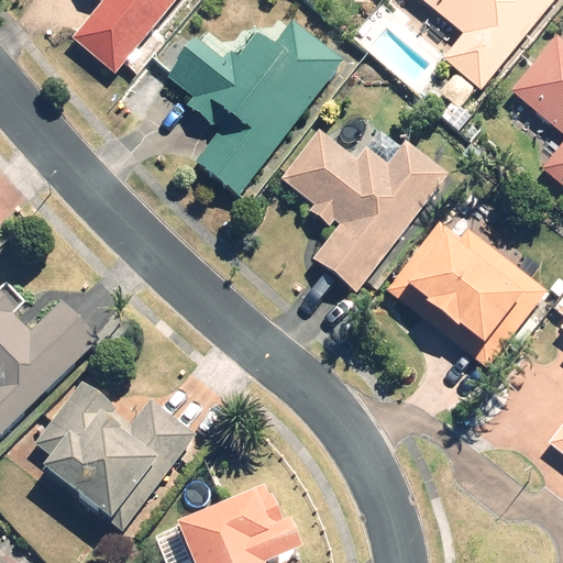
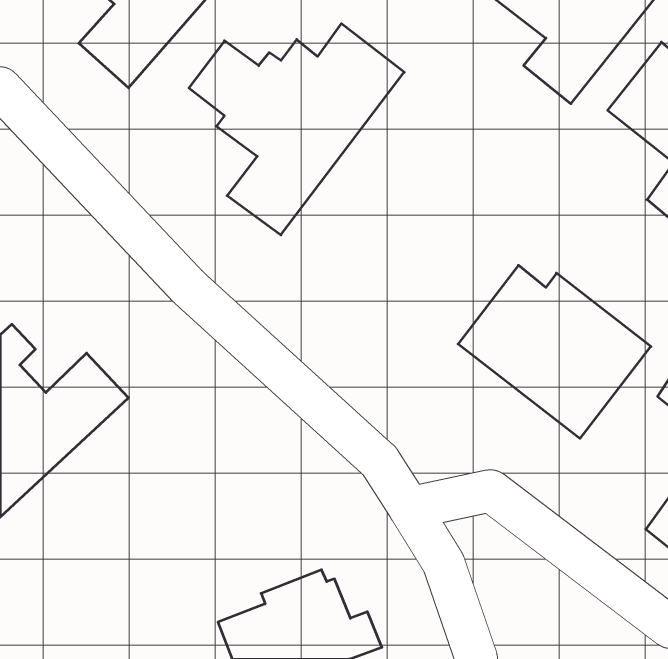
building: [278,129,446,292] -> none
building: [46,375,212,531] -> none

